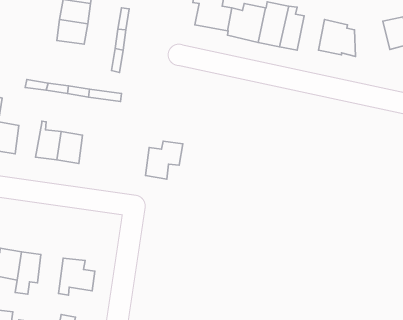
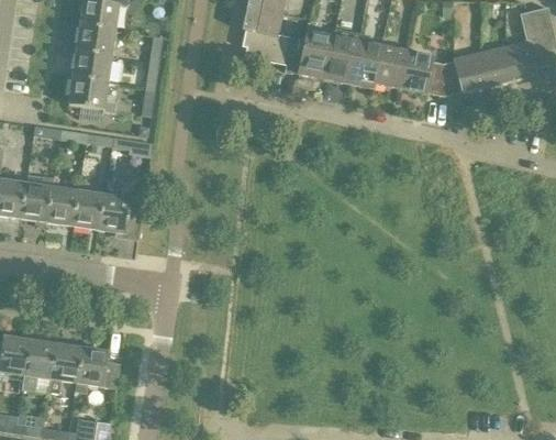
building: none -> [371,45,405,88]
building: none -> [443,52,487,96]
building: none -> [68,76,115,120]
building: none -> [21,176,54,221]
building: [146,141,183,179] -> [100,186,146,233]
building: none -> [46,342,80,394]

